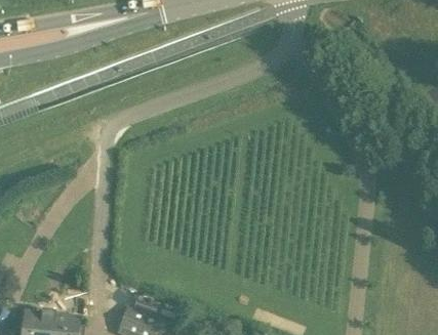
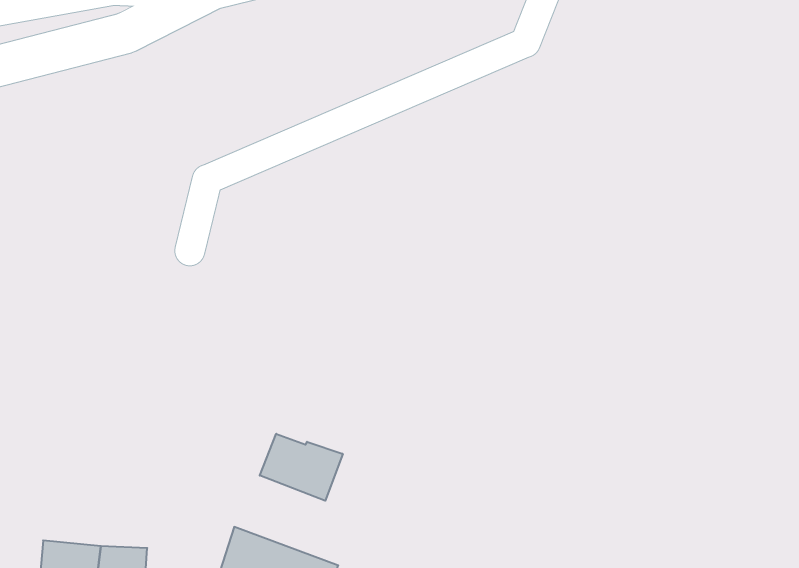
building: none -> [260,434,343,501]

